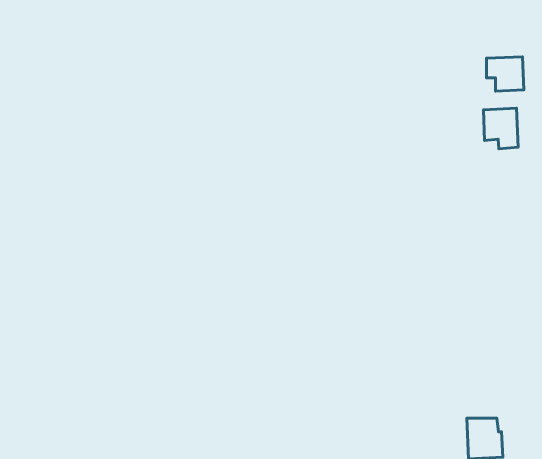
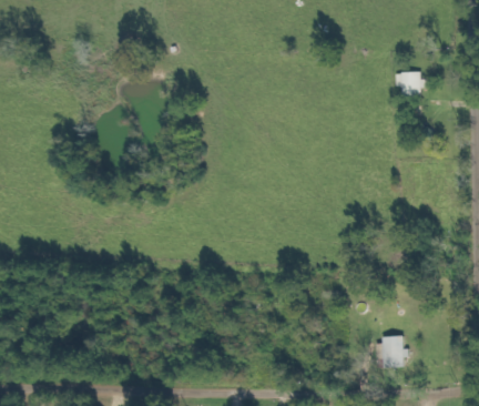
building: [483,108,518,149] -> none

